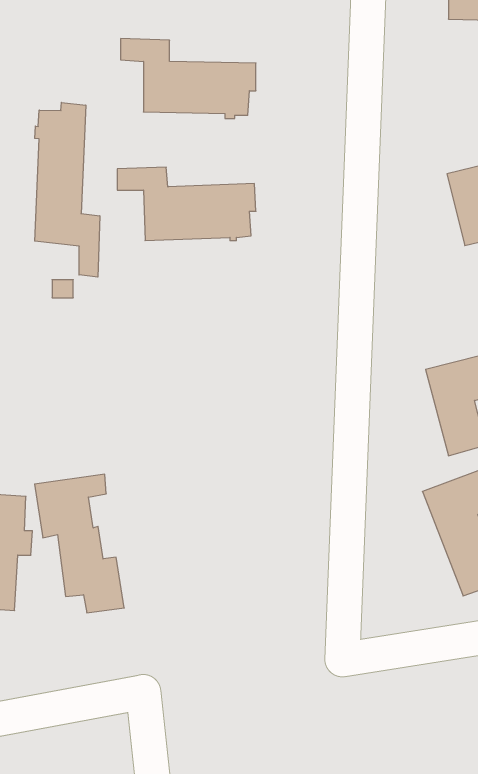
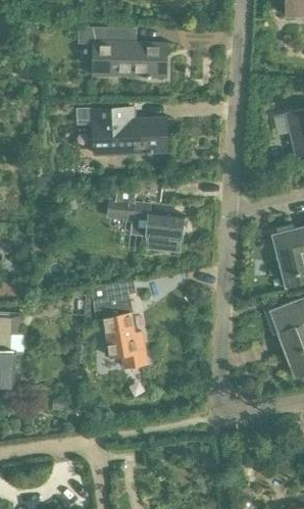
building: [35,102,100,277] -> none
building: none -> [107,190,184,251]
building: [35,474,124,613] -> [90,279,146,366]

